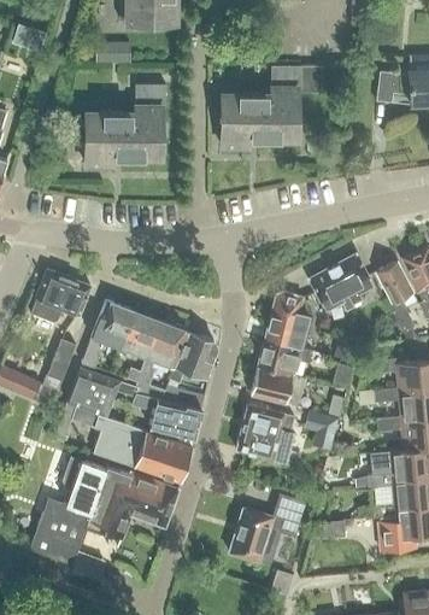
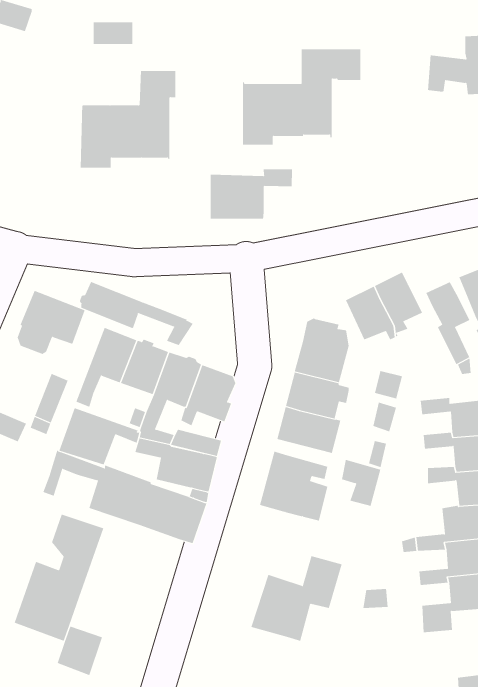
building: none -> [210,168,293,220]
building: none -> [79,281,193,346]
building: [86,464,178,540] -> none

